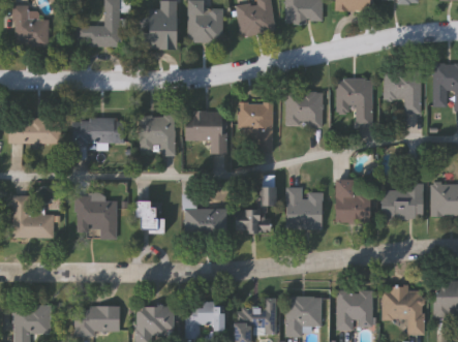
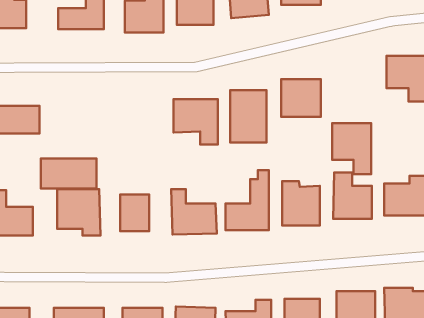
building: [336,79,372,126] -> [332,123,371,174]
building: [141,115,175,155] -> none
building: [72,117,124,145] -> [41,158,96,188]

